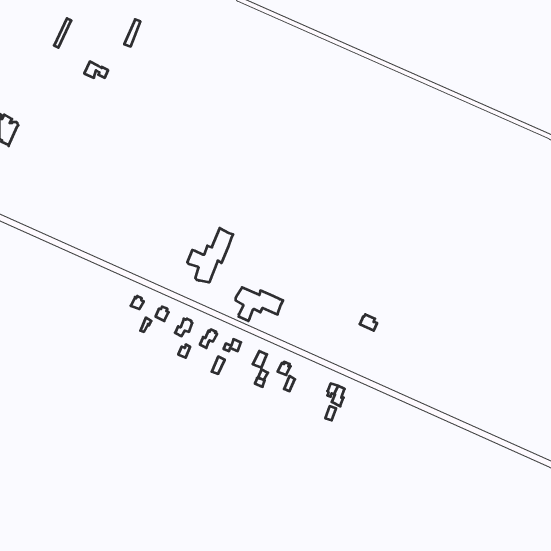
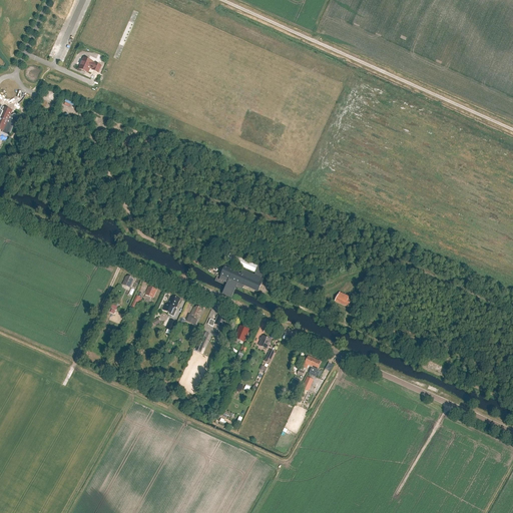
building: [187,228,233,282] -> none

